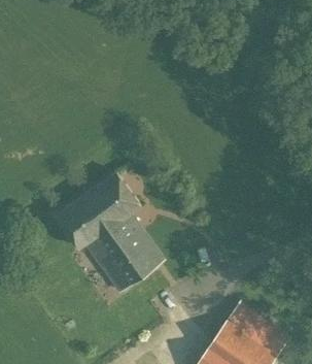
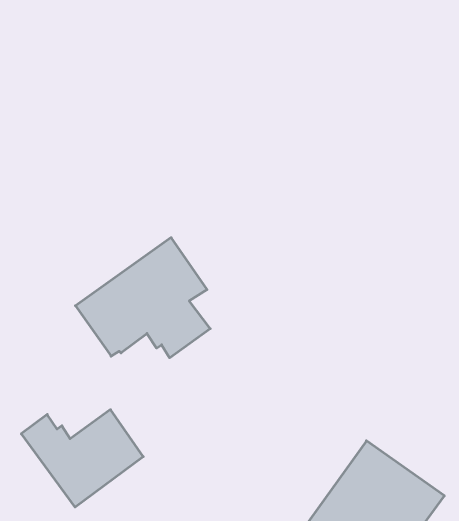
building: [88,230,165,292] -> [21,410,143,507]

